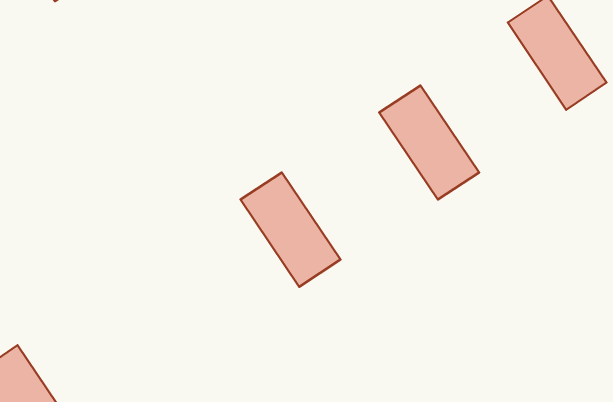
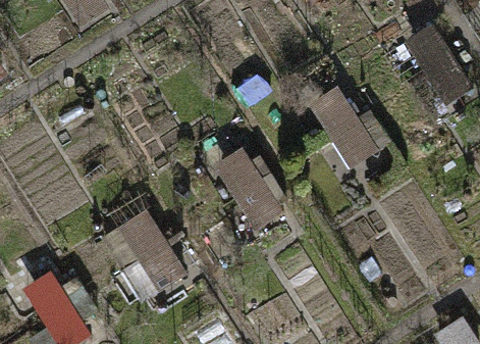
building: none -> [102,214,180,301]

